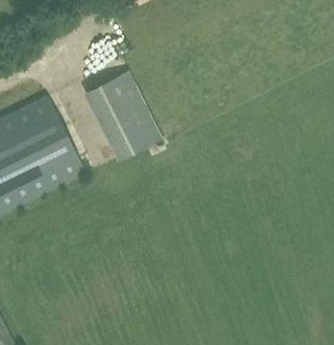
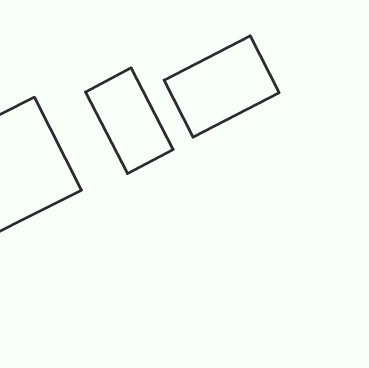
building: none -> [164,36,279,137]

